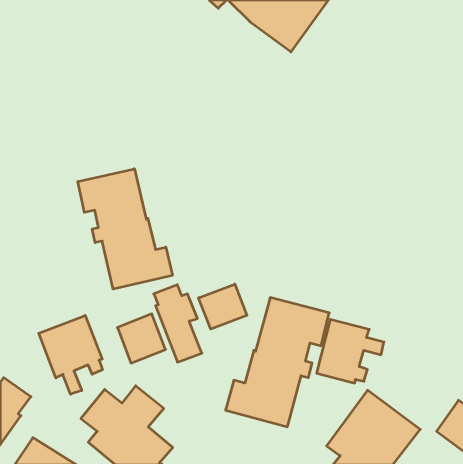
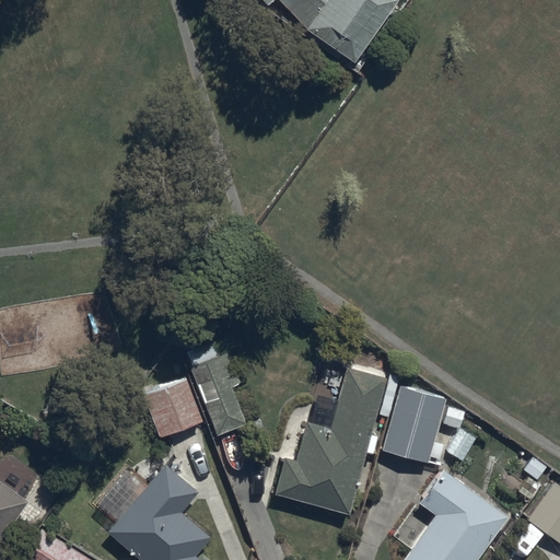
building: [78,169,172,289] -> none
building: [199,284,247,329] -> none
building: [39,315,102,394] -> none

